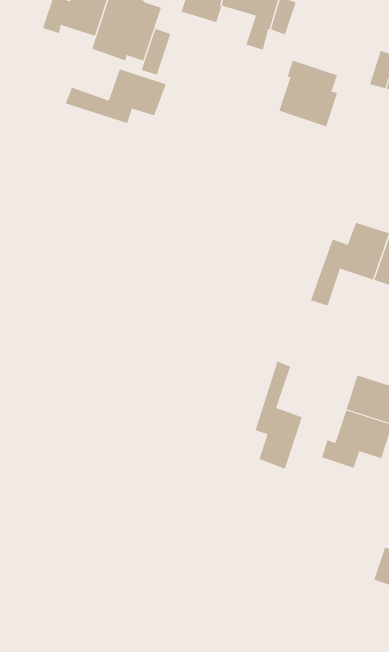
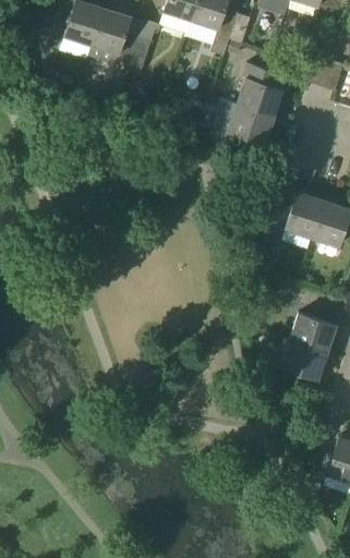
building: [65,68,166,124] -> none
building: none -> [208,104,274,150]
building: [255,361,302,470] -> none

